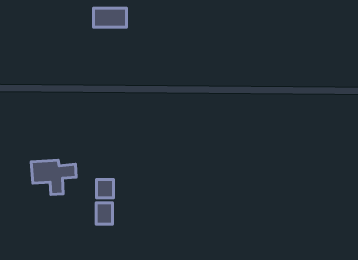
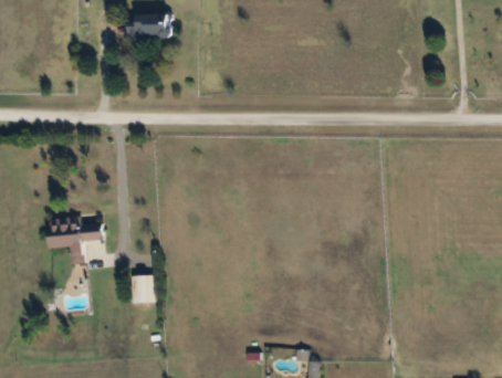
building: [97,179,114,198] -> none

